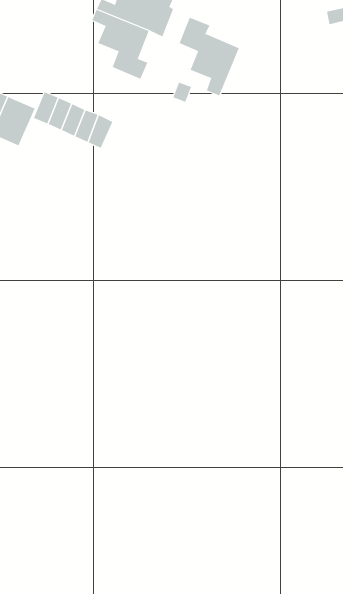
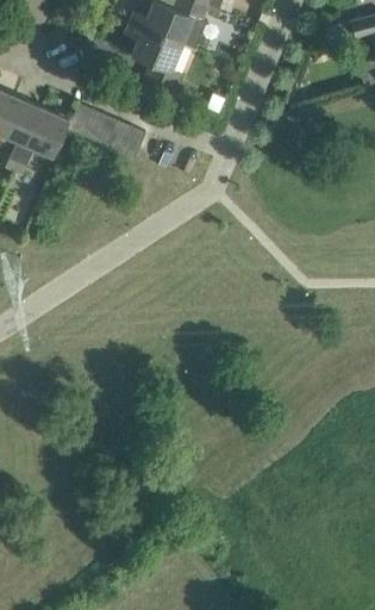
building: [179,17,239,96] -> none

